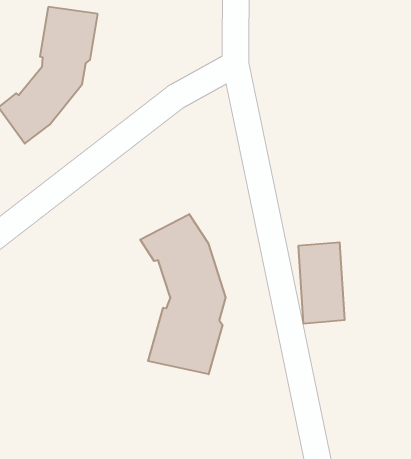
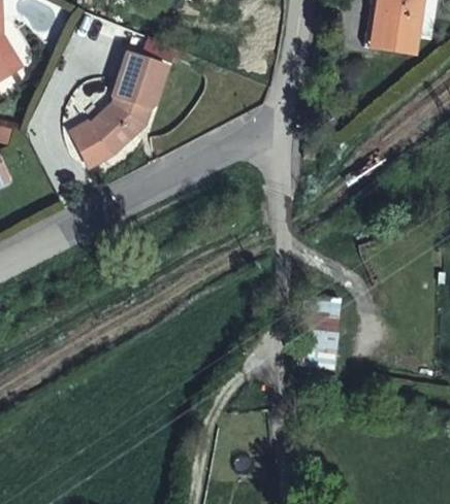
building: [140,214,226,374] -> none

